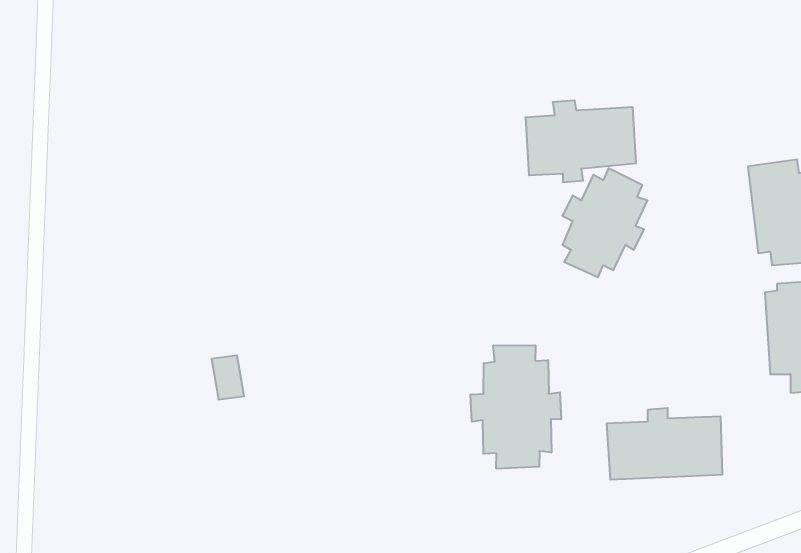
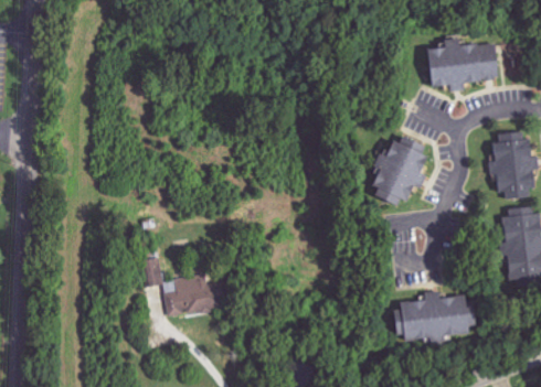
building: [525,100,636,182] -> [426,40,498,93]
building: [471,345,561,469] -> none
building: none -> [167,276,223,314]

